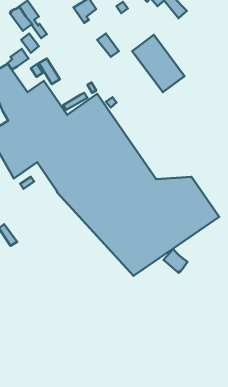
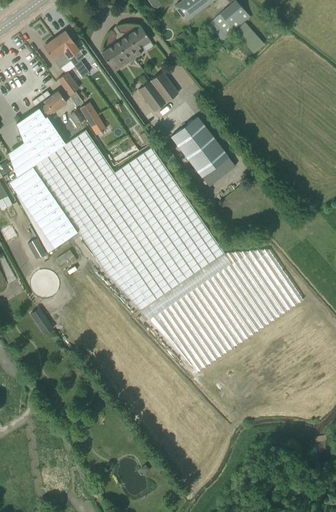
building: none -> [101,39,135,67]
building: [132,35,185,92] -> [170,115,235,186]
building: none -> [137,79,168,111]
building: [163,249,188,273] -> none

